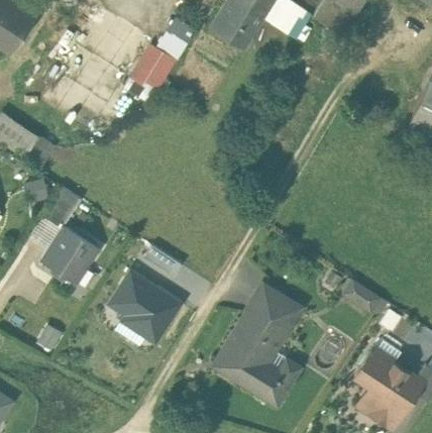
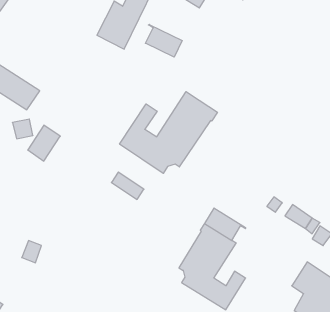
building: none -> [145,24,182,57]
building: none -> [120,92,217,173]
building: [43,227,99,282] -> none
building: [104,266,181,344] -> none

